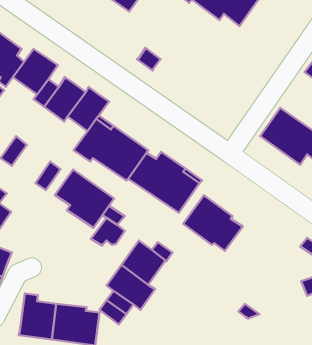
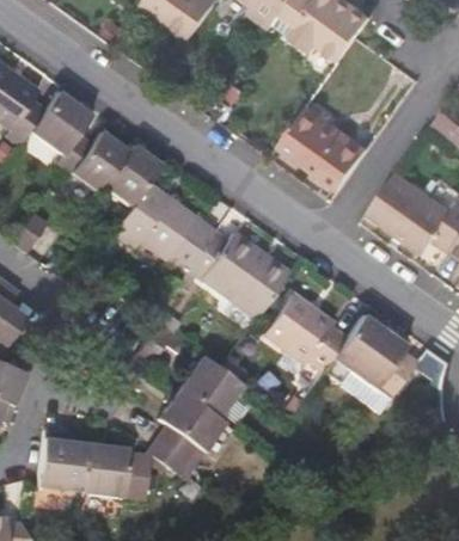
building: none -> [280,105,369,190]
building: [55,170,114,228] -> none
building: none -> [314,314,412,411]

